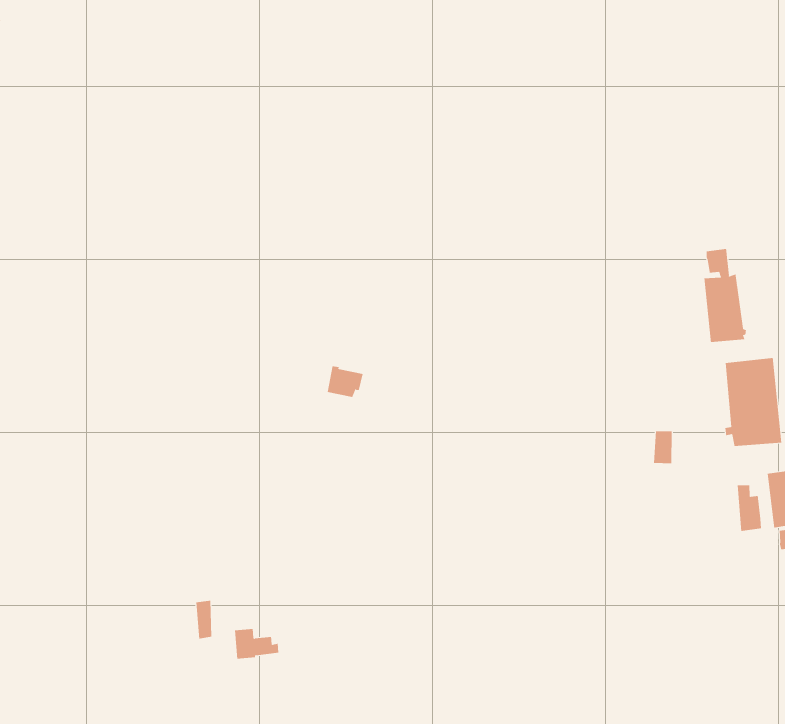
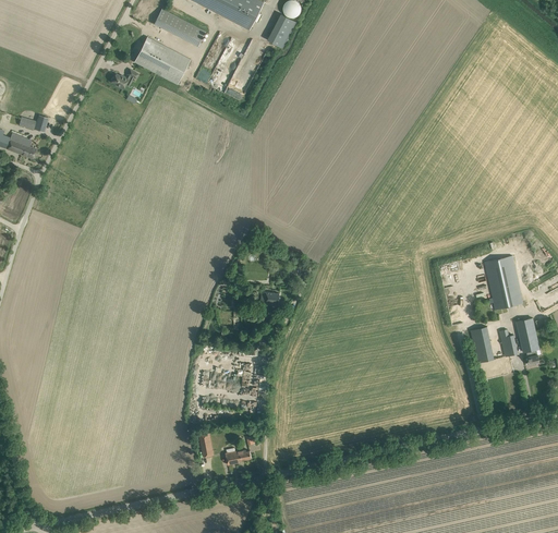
building: [704,248,746,343] -> none
building: none -> [472,326,495,362]

